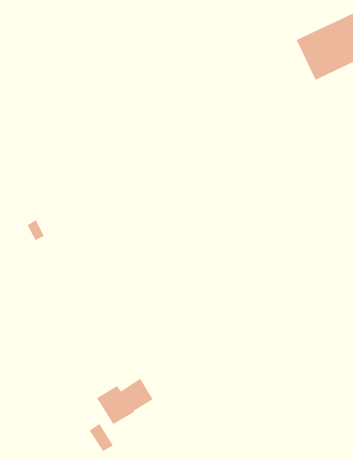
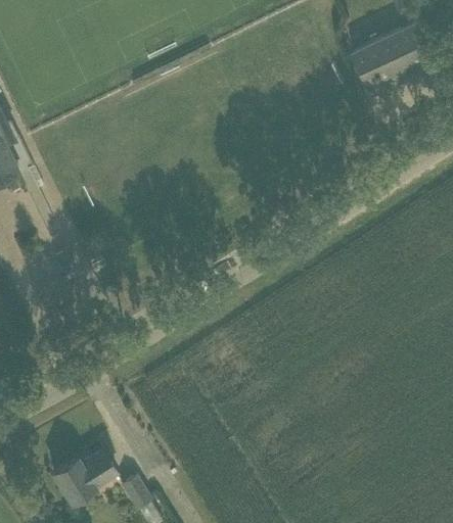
building: [96,378,154,425] -> [47,448,110,501]

